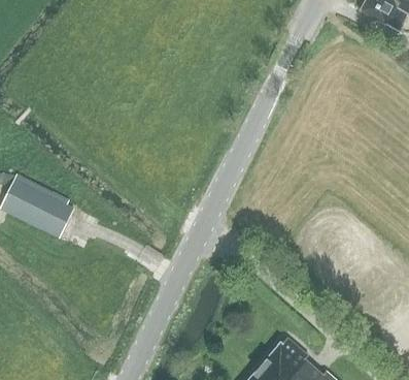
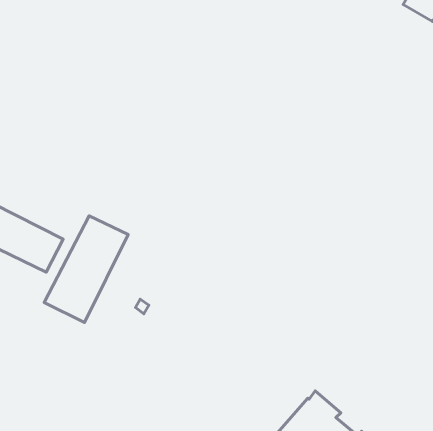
building: none -> [44,216,128,322]

